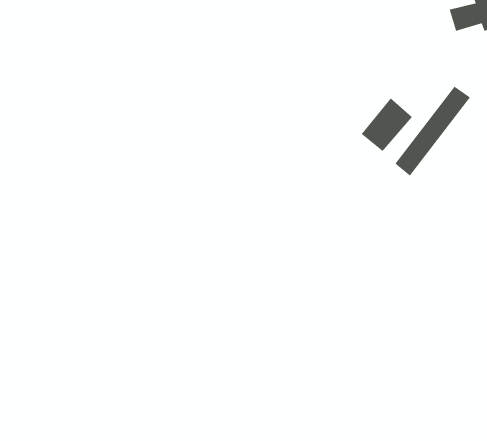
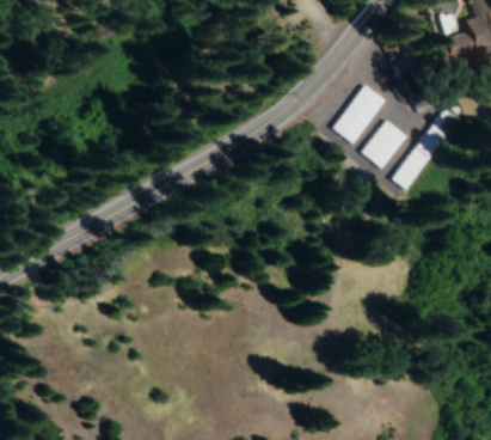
building: none -> [330,85,383,143]

